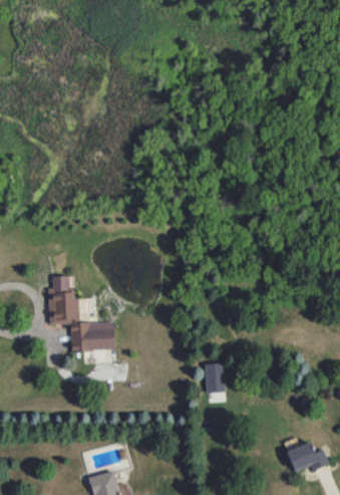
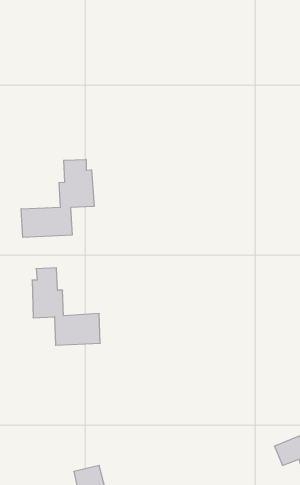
building: none -> [21,159,94,237]
building: [206,363,225,393] -> none

